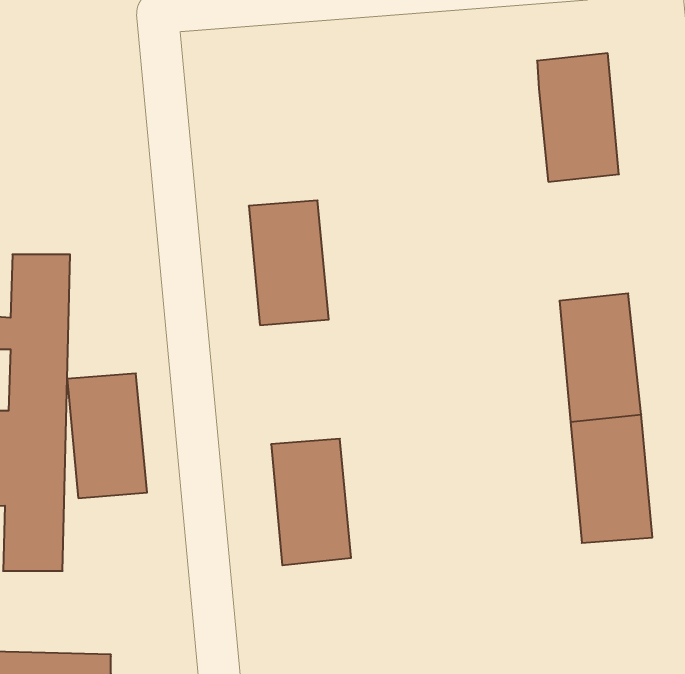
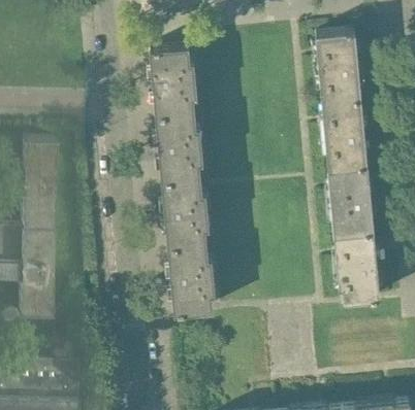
building: none -> [152,50,195,119]
building: none -> [323,102,368,172]
building: [67,373,147,498] -> [163,182,207,251]

